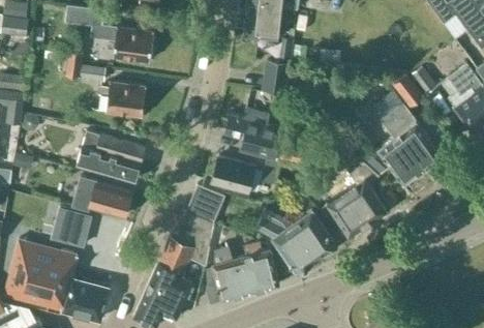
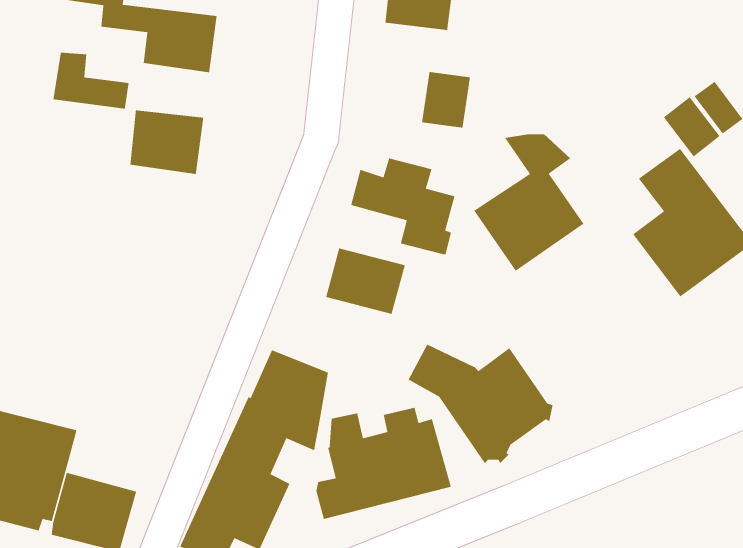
building: [77,131,144,183] -> none
building: [326,163,386,238] -> [473,134,584,272]
building: [71,177,131,217] -> none
building: [182,185,225,225] -> none
building: [54,209,91,247] -> none

